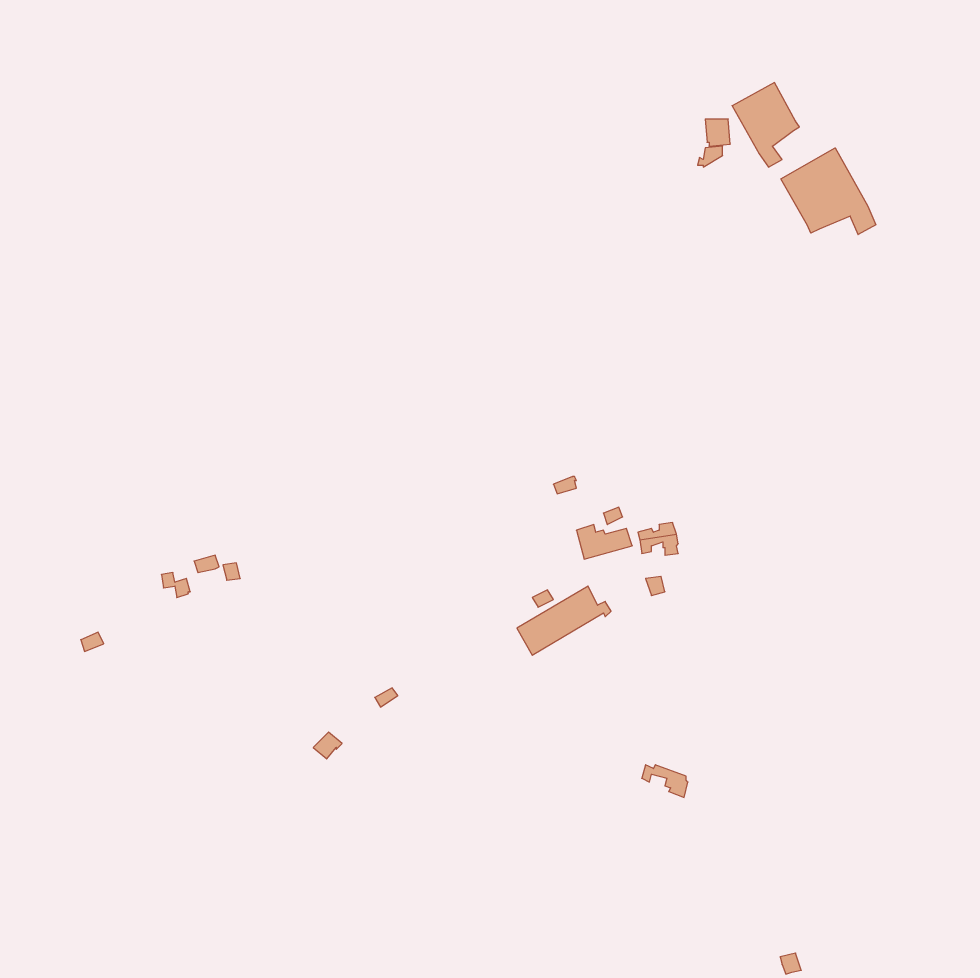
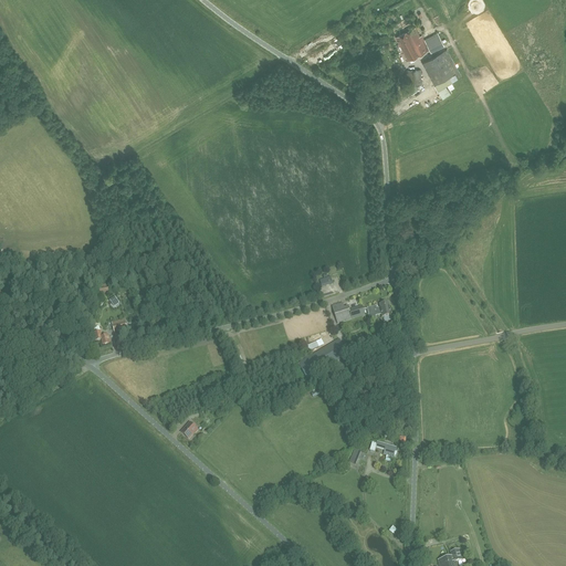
building: none -> [395,25,429,60]
building: [781,148,876,235] -> none

